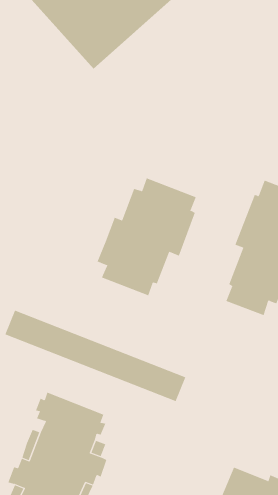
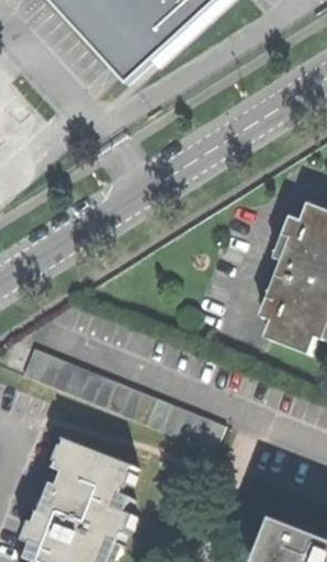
building: [97,178,196,296] -> none

